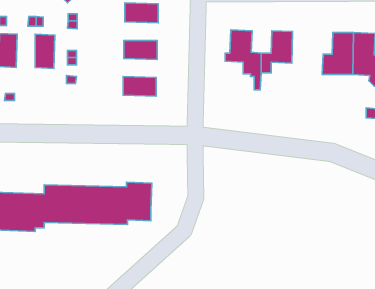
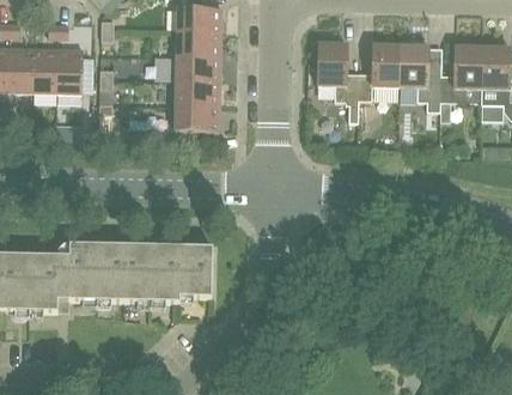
building: none -> [176,31,221,56]
building: none -> [400,44,441,111]
building: none -> [32,48,57,92]
building: none -> [175,80,220,105]

